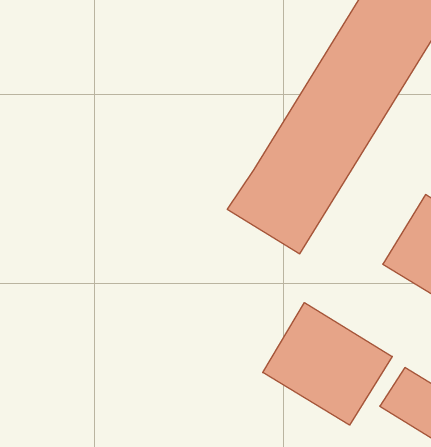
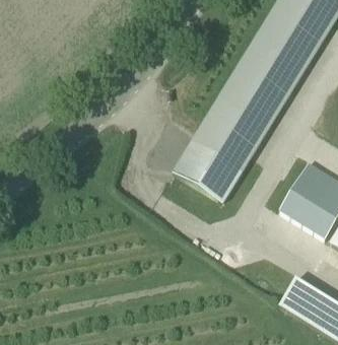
building: [263,303,392,425] -> none

